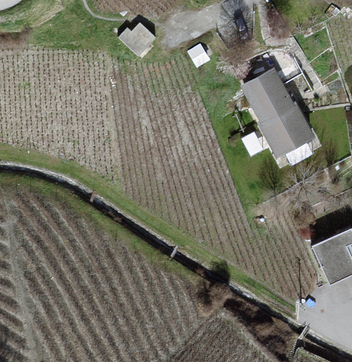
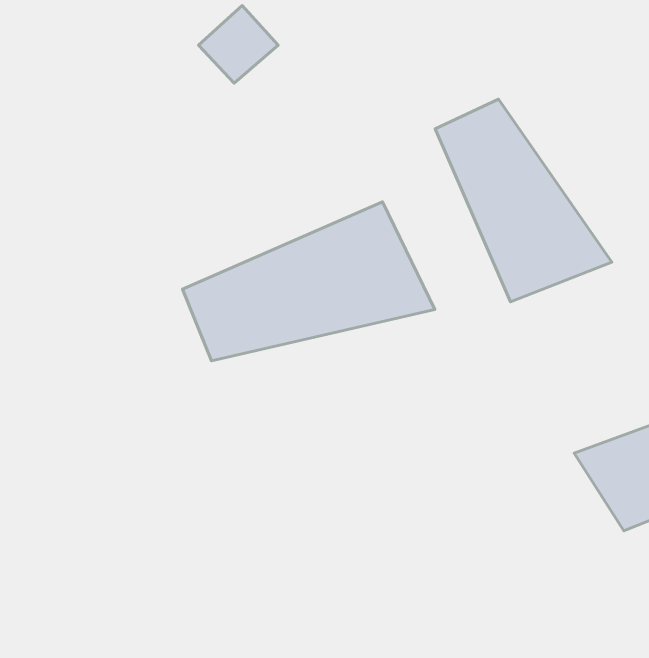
building: none -> [183,202,435,361]

